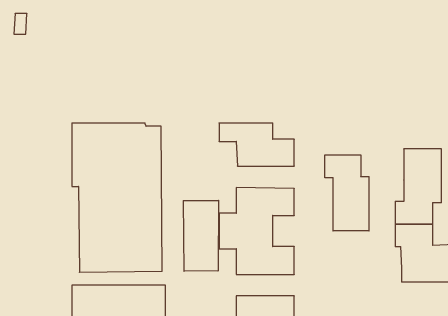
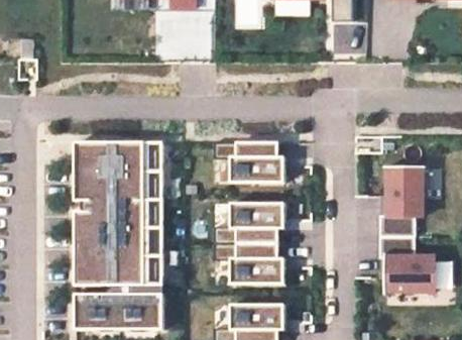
building: [325,155,369,231] -> none
building: [183,200,219,271] -> none

